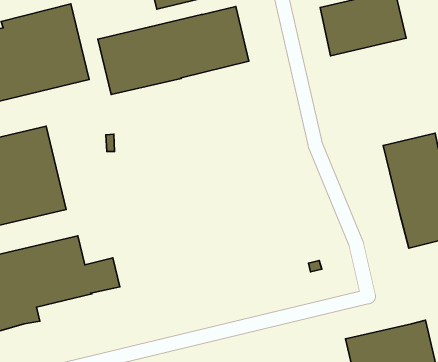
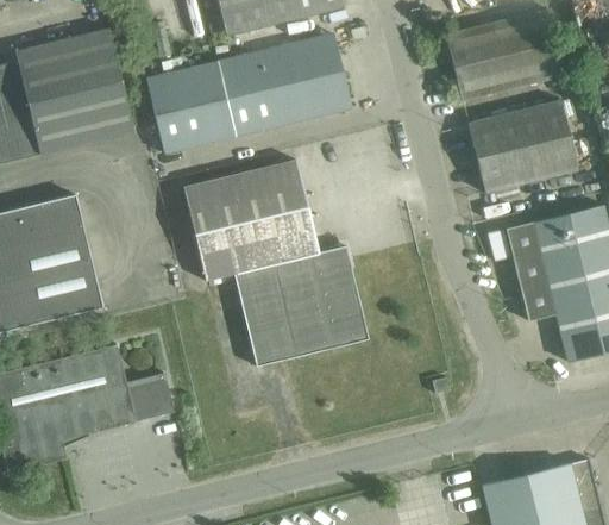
building: none -> [467,100,577,192]
building: none -> [183,160,369,368]
building: none -> [506,220,555,319]

